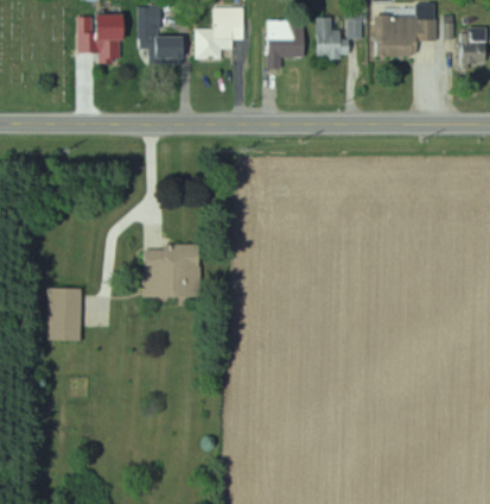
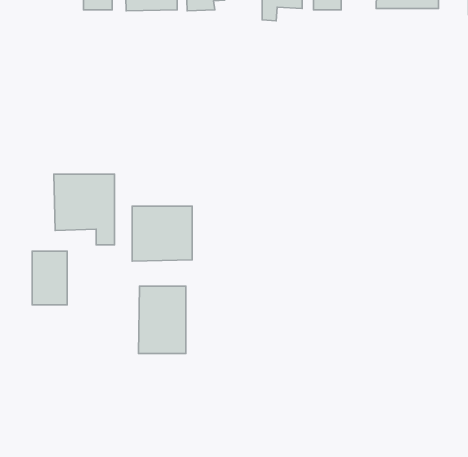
building: none -> [54,174,115,245]
building: none -> [138,286,186,354]

